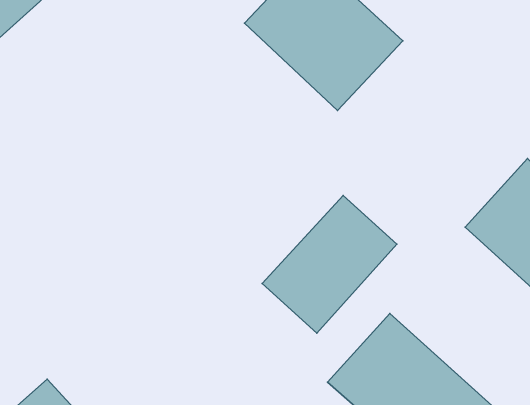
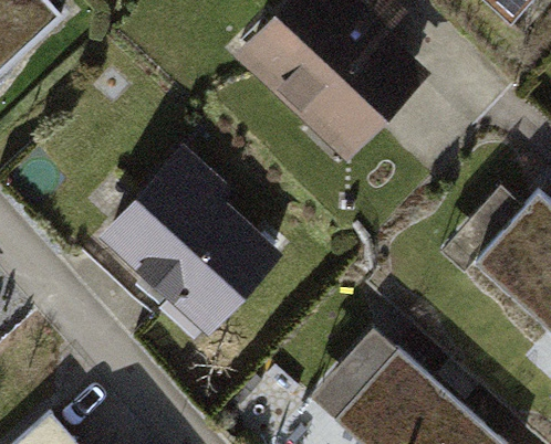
building: none -> [110,166,271,337]
building: [262,196,397,333] -> none

